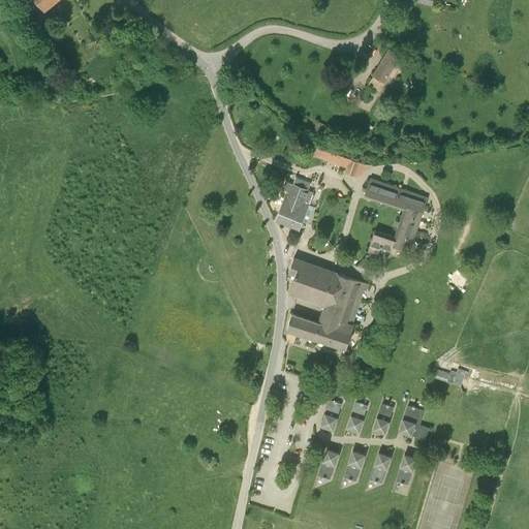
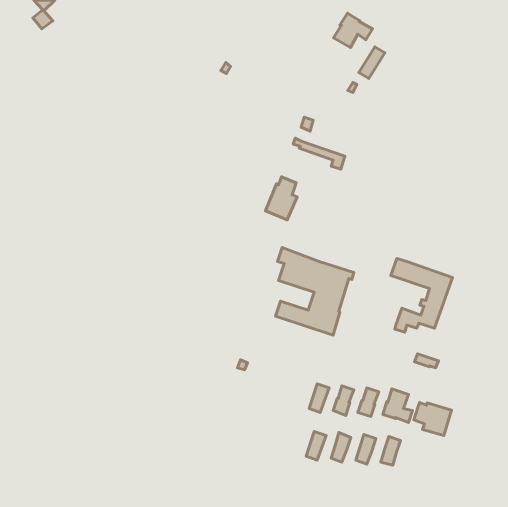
building: none -> [333,13,372,48]
building: [364,179,428,255] -> [391,259,453,332]
building: none -> [414,403,452,436]

